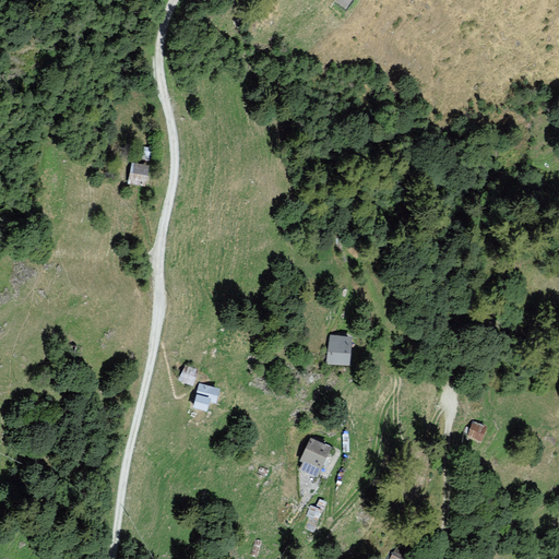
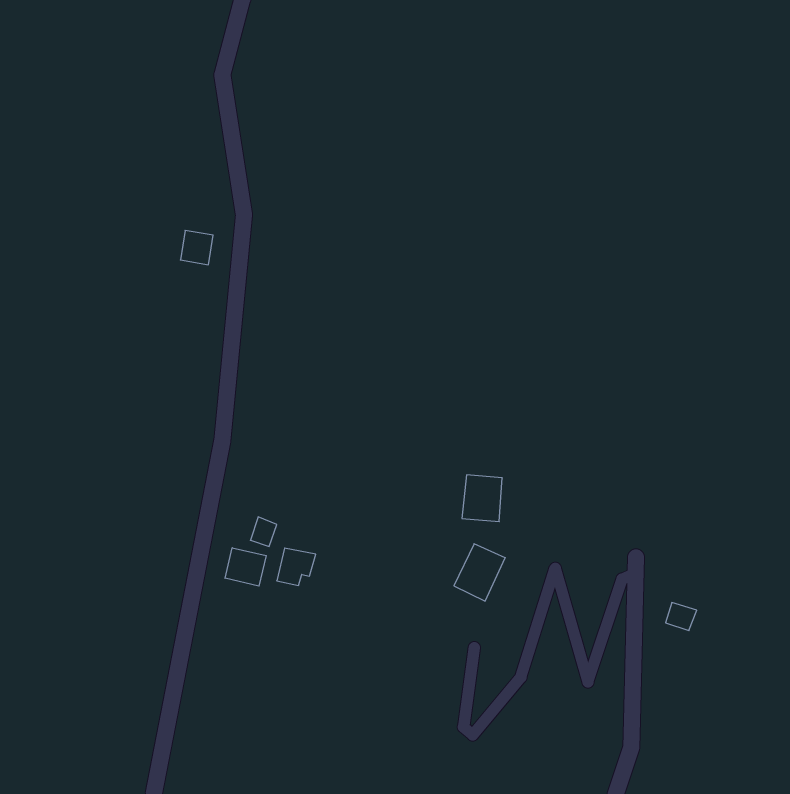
building: none -> [225,548,266,586]
building: [296,439,332,479] -> [454,544,505,601]

